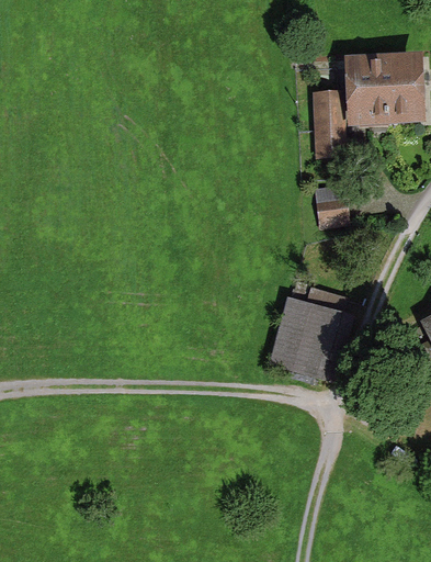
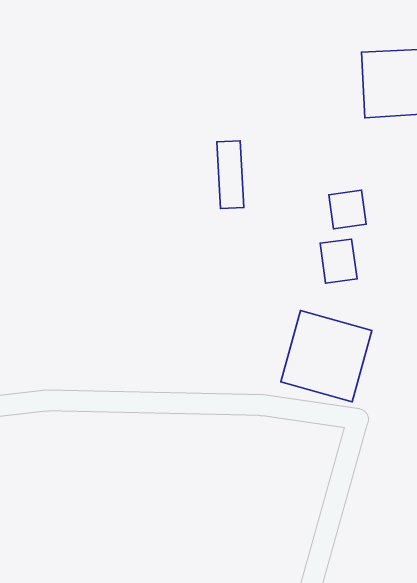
building: [313,91,338,155] -> [217,141,244,209]
building: none -> [320,239,357,283]

